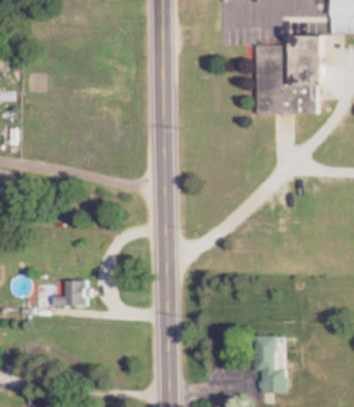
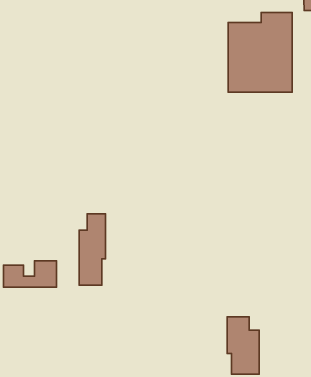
building: none -> [79,214,105,285]

